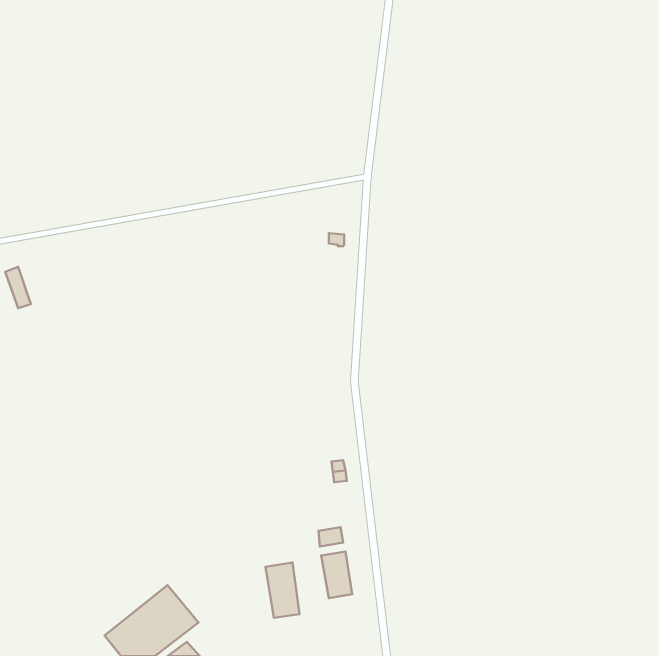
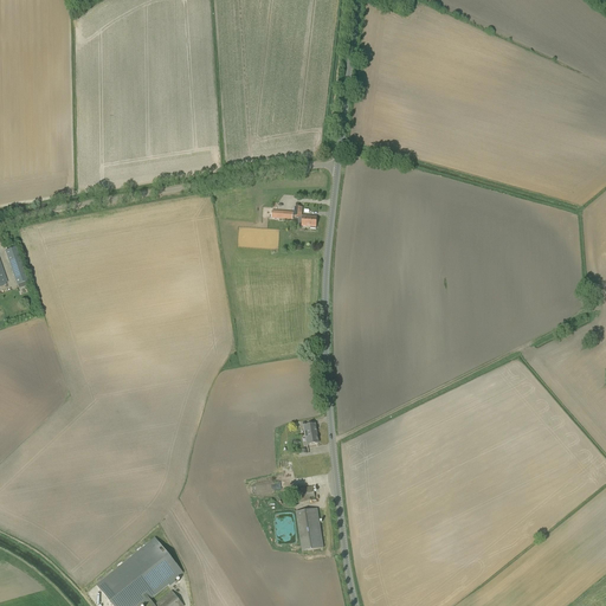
building: [265,562,299,618] -> none

